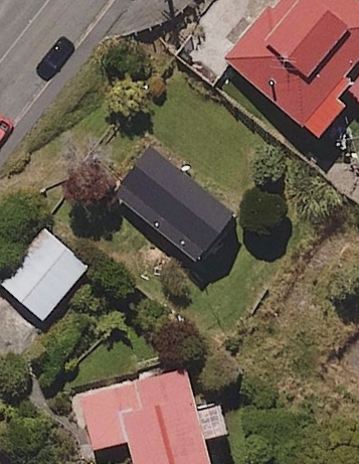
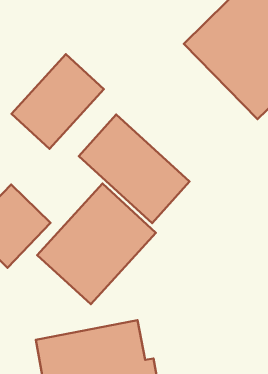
building: none -> [11,54,104,149]
building: none -> [37,184,156,304]

